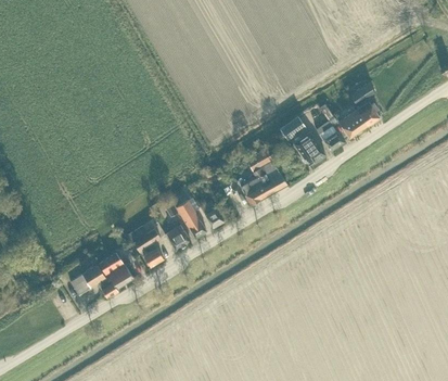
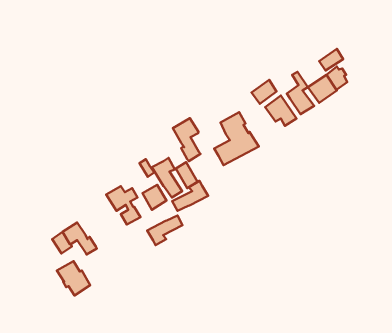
building: none -> [173,118,200,161]
building: none -> [172,181,208,211]
building: [98,253,132,289] -> [57,261,90,295]
building: none -> [147,216,183,245]

